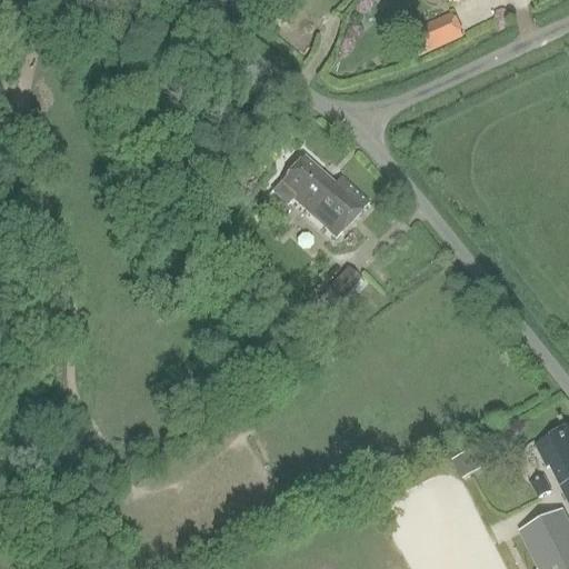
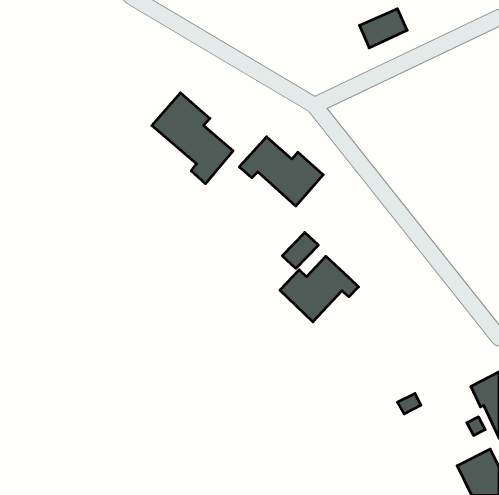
building: none -> [152,93,233,184]
building: none -> [280,256,359,322]

